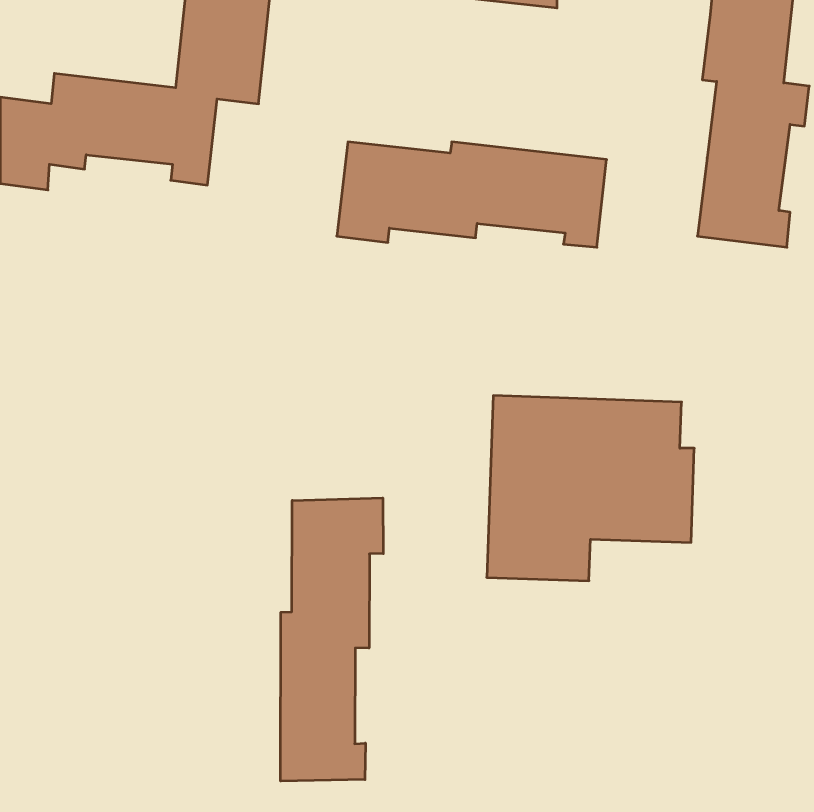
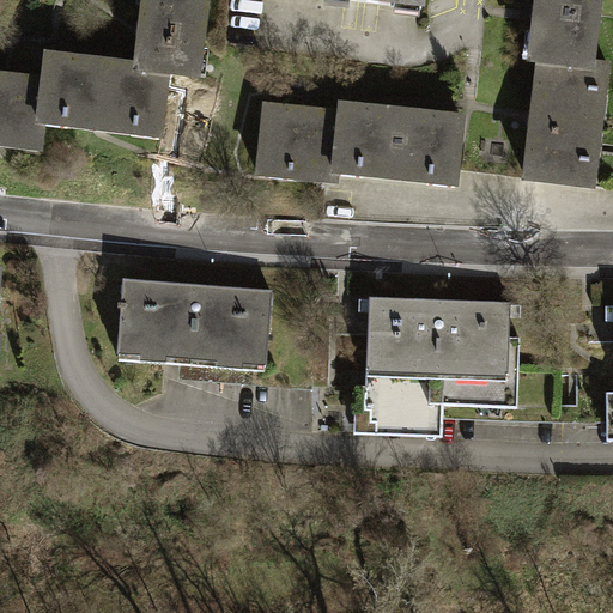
building: none -> [120,279,273,360]
building: [281,498,383,781] -> none

